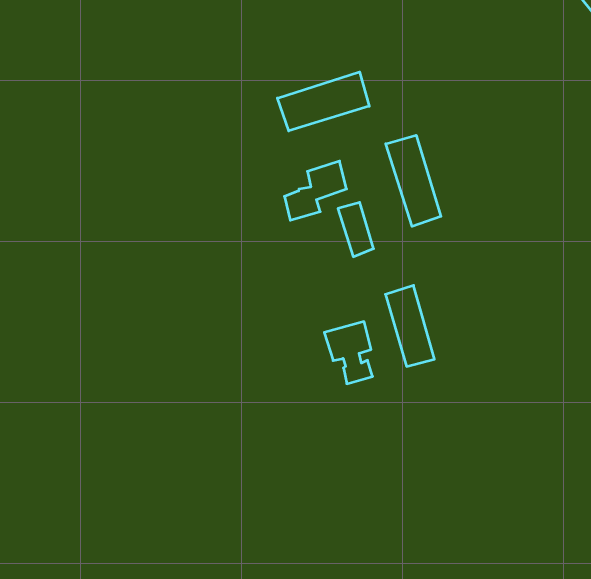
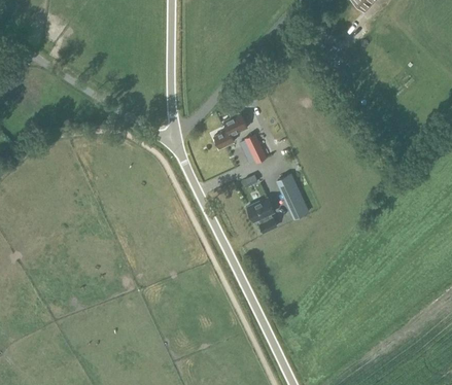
building: [277,72,369,131] -> none
building: [386,135,441,226] -> none

